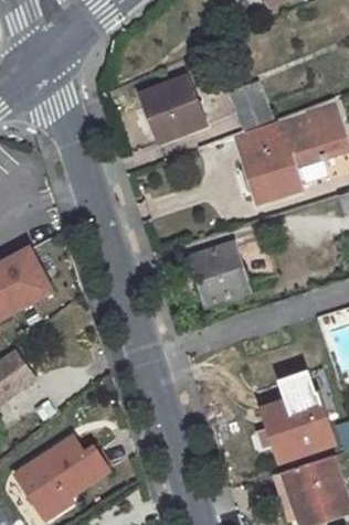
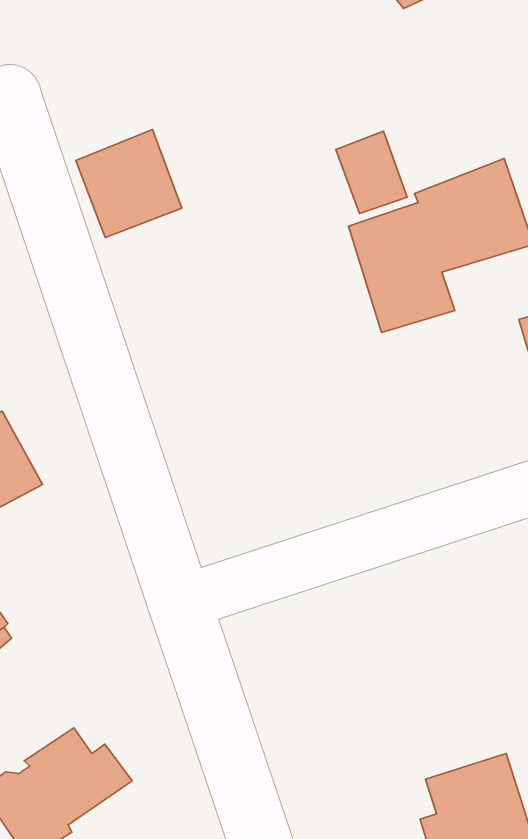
building: [140,77,204,142] -> [76,130,182,237]
building: [191,245,248,306] -> none
building: [265,373,331,461] -> none

